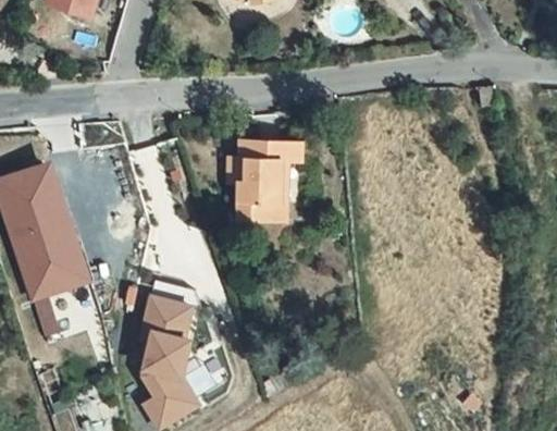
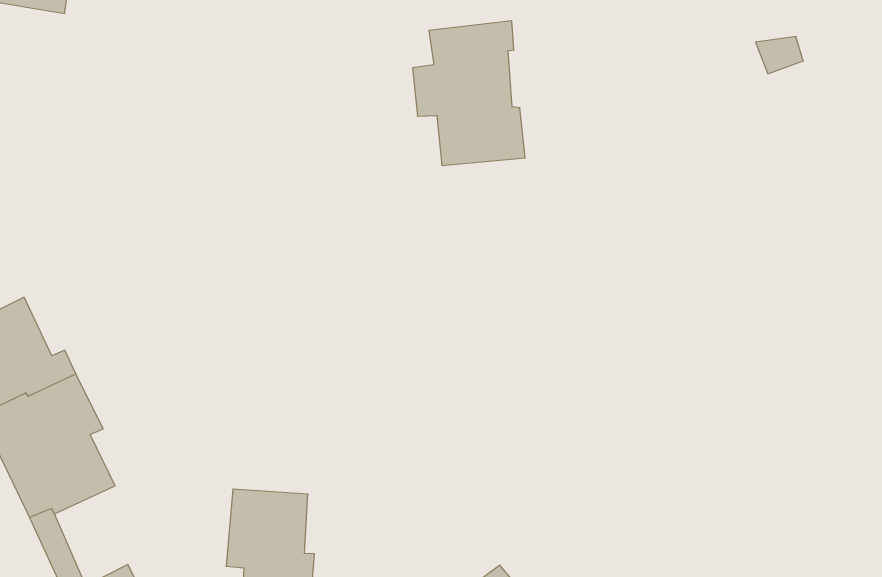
building: [223,143,283,221] -> [413,21,525,166]

